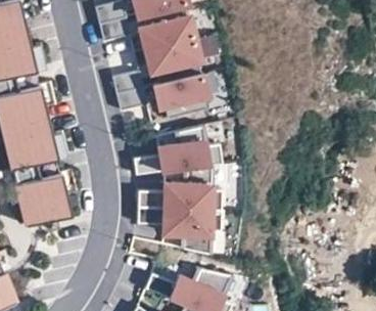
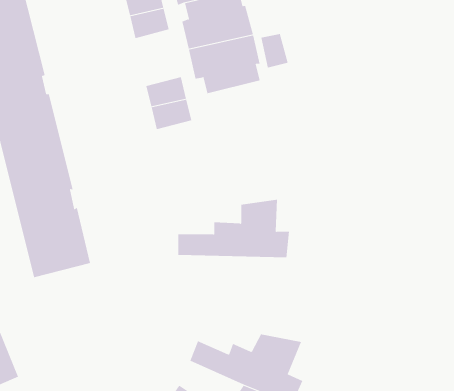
building: [153,73,209,118] -> none
building: [133,125,222,175] -> none
building: [136,207,221,253] -> none

